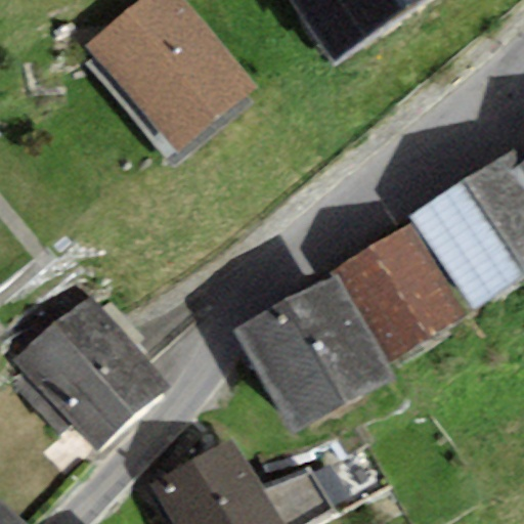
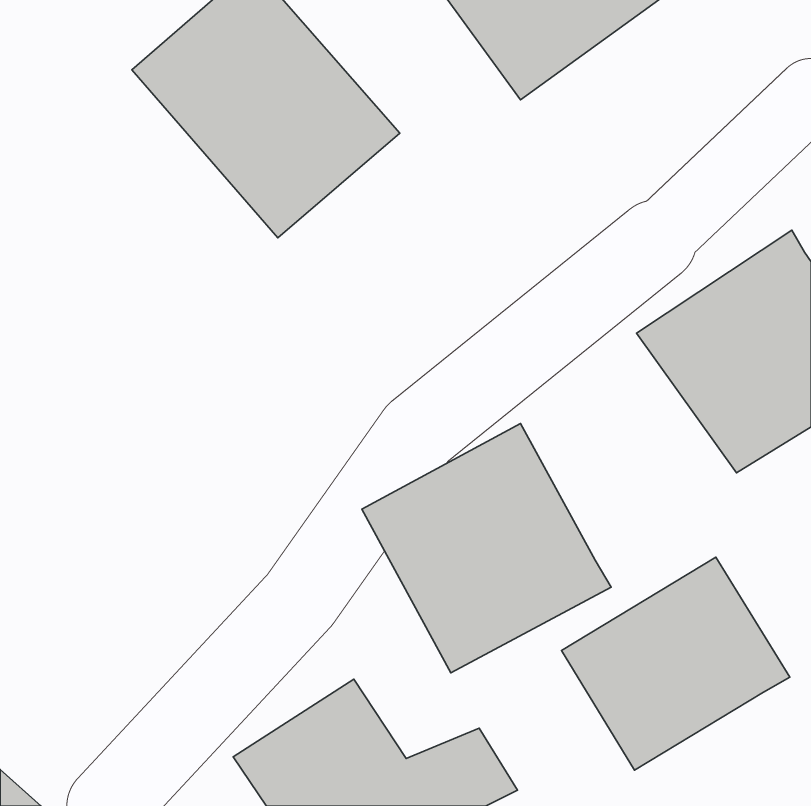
building: [333,224,467,361] -> none
building: [13,294,168,449] -> none
building: none -> [561,557,790,770]

